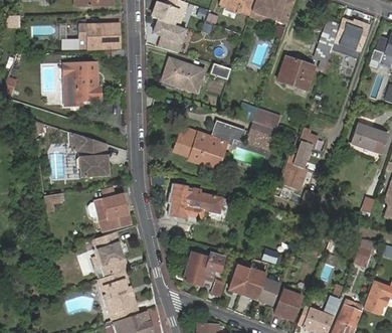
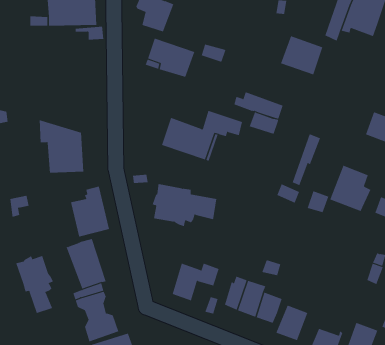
building: [60,60,99,106] -> none
building: none -> [329,165,371,212]
building: none -> [15,255,54,314]

